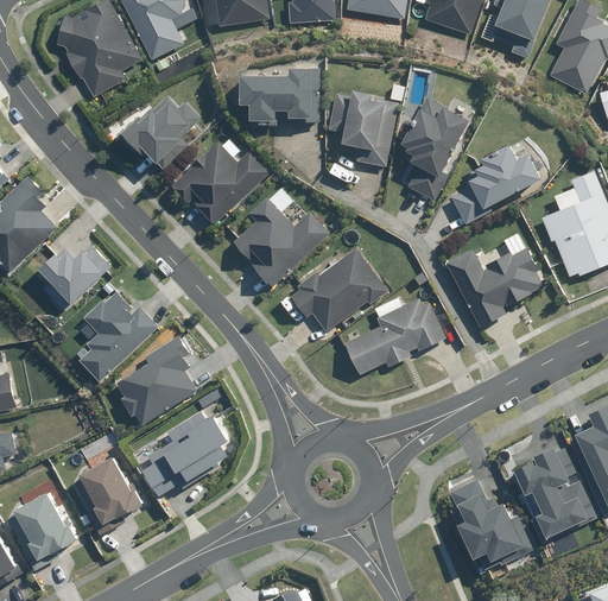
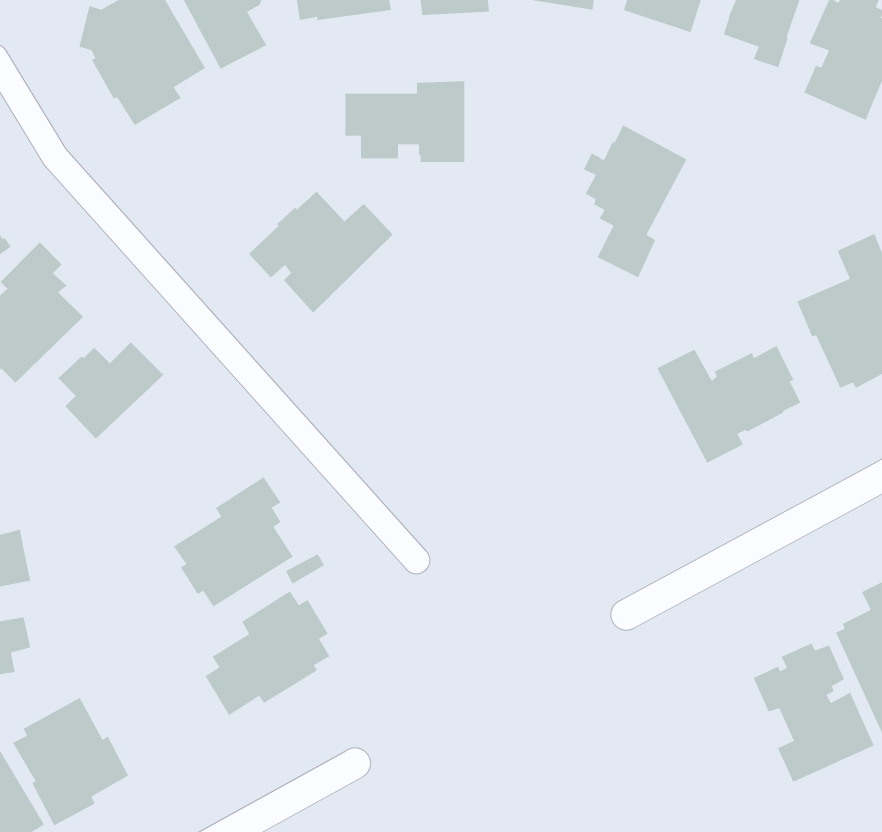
building: [325,89,397,166] -> none
building: [115,95,200,170] -> none
building: [450,144,542,223] -> none
building: [233,196,329,286] -> none
building: [291,247,388,331] -> none
building: [81,291,159,381] -> none
building: [346,296,448,373] -> none
building: [82,447,153,523] -> none
building: [451,475,539,569] -> none

